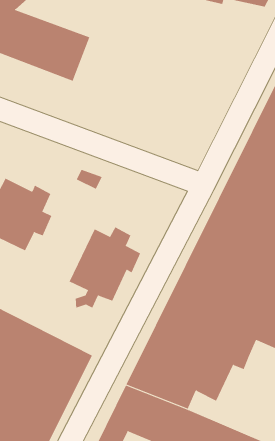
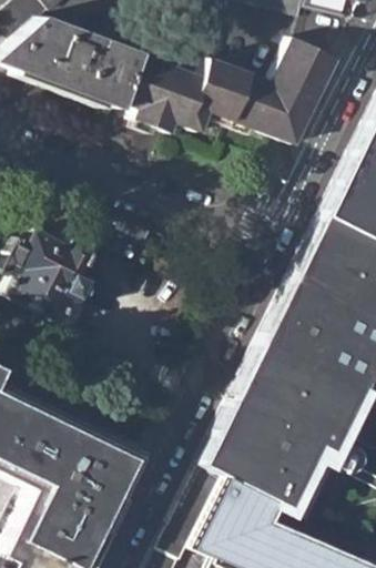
building: none -> [120,39,337,143]
building: [69,226,141,309] -> none

